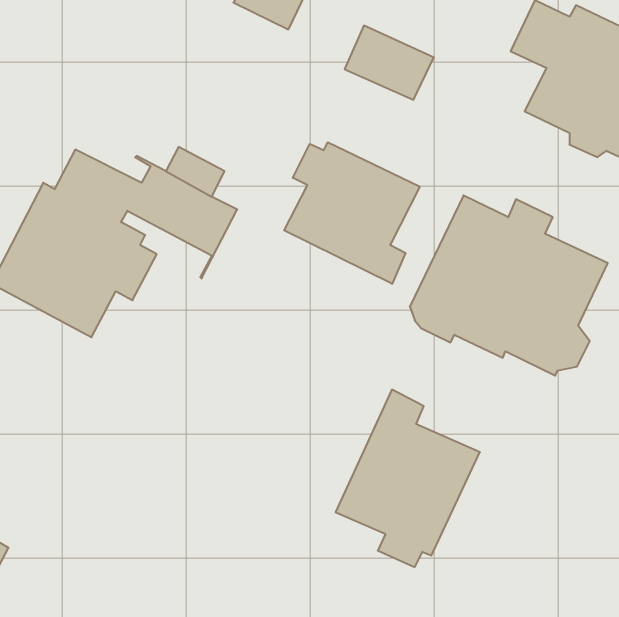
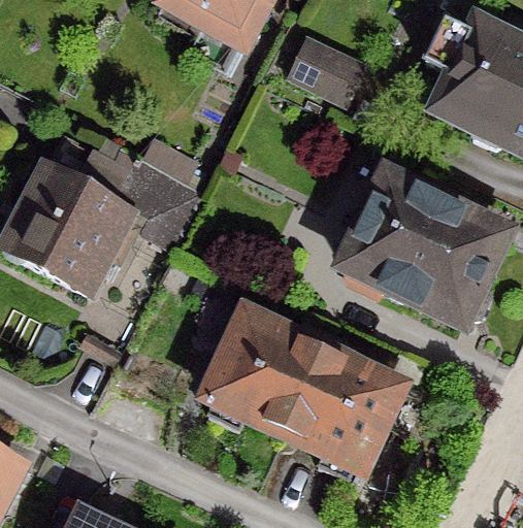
building: [284,142,420,284] -> none
building: none -> [204,315,327,434]

